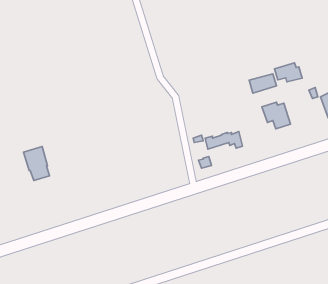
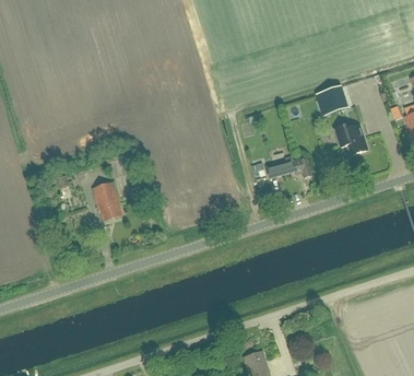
building: [275,63,302,82] -> none
building: [24,146,49,180] -> [91,180,121,221]

